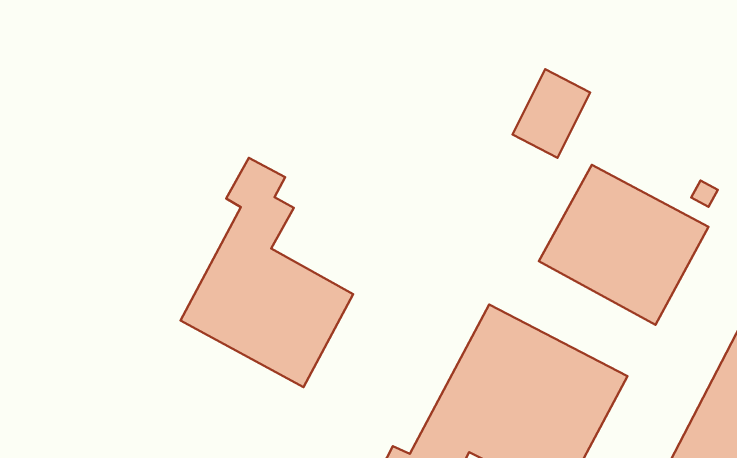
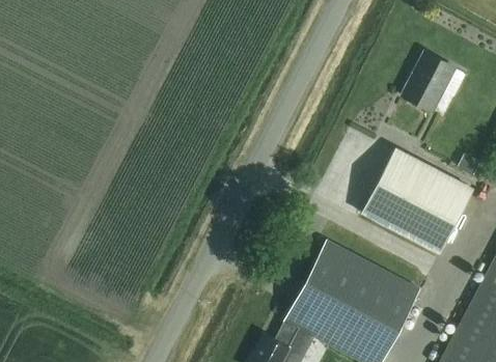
building: [513,69,590,158] -> [403,52,454,111]
building: [181,158,353,387] -> none

